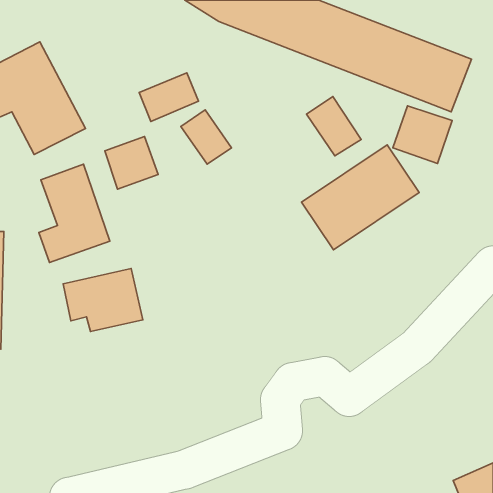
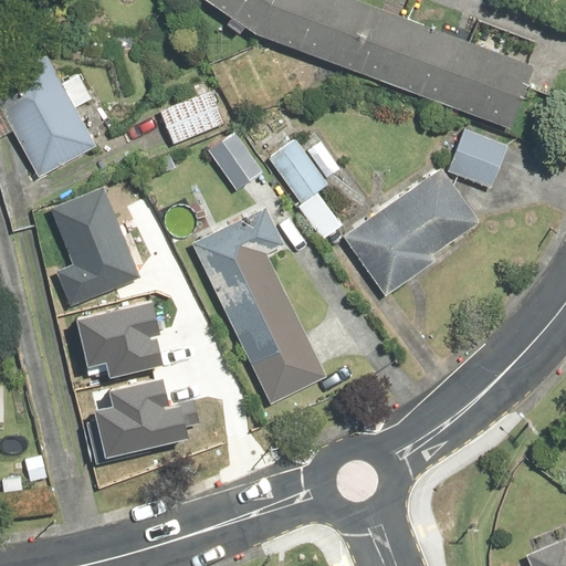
building: [307,97,361,156] -> [269,136,331,203]
building: [105,137,158,189] -> none
building: none -> [190,201,329,406]
building: none -> [94,378,178,449]

